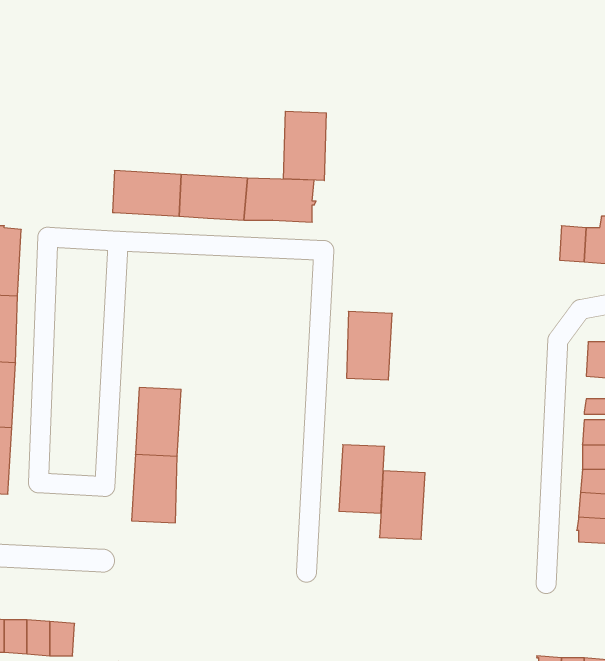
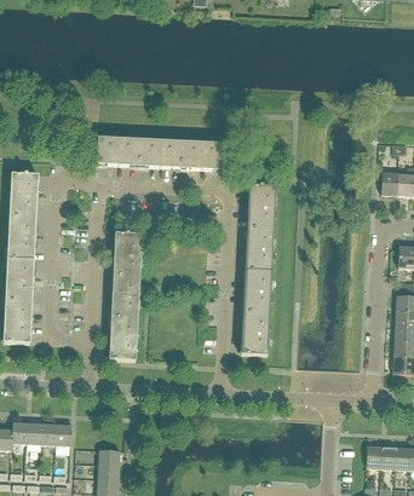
building: [283,111,326,181] -> none
building: none -> [247,184,276,227]
building: none -> [114,231,143,276]
building: [379,471,425,539] -> [243,269,272,312]

